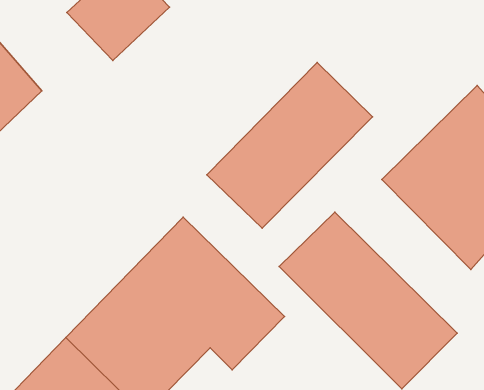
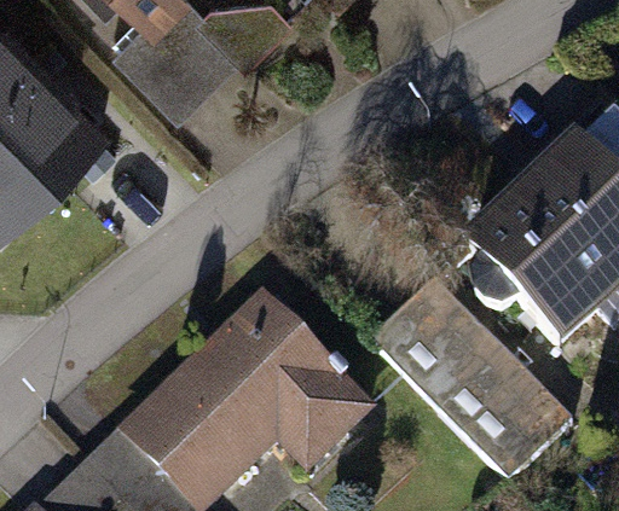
building: [207,62,373,228] -> none

